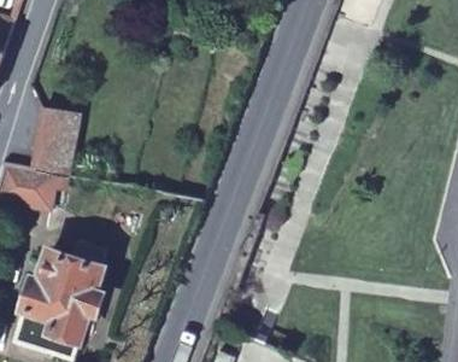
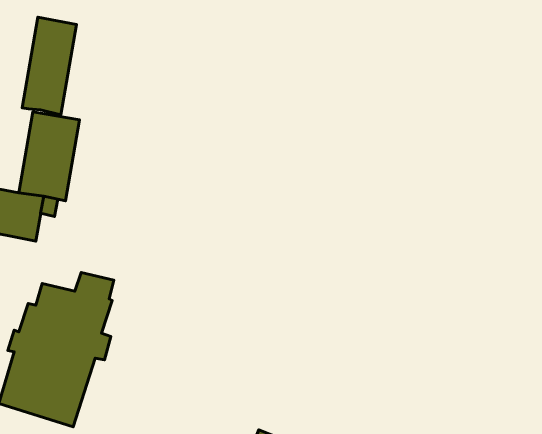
building: none -> [22,17,77,115]

